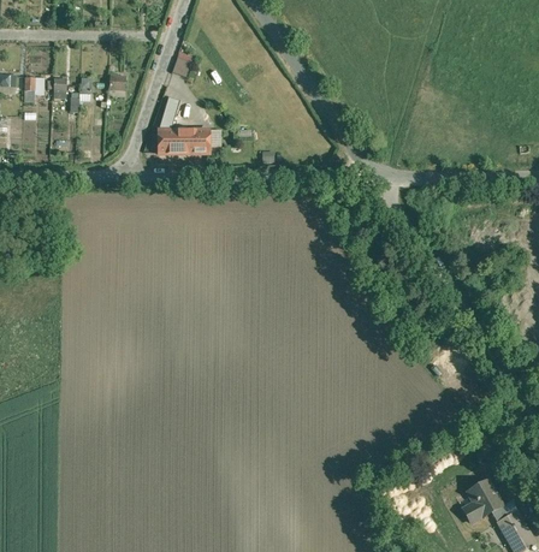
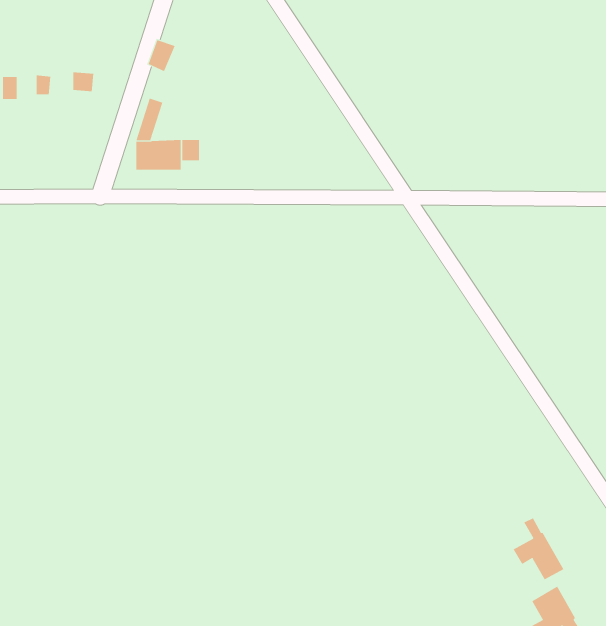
building: none -> [513,518,564,580]

